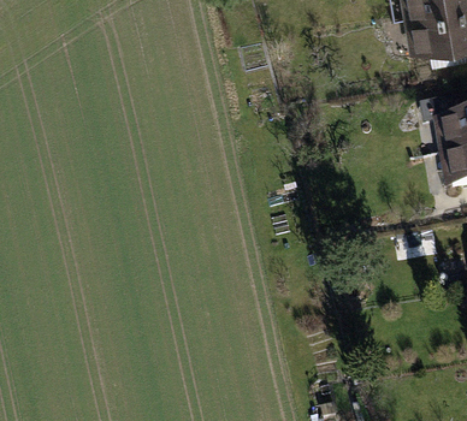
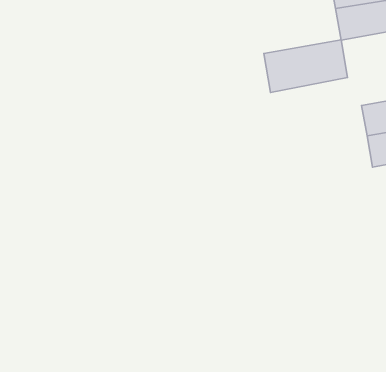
building: none -> [264,40,348,93]

